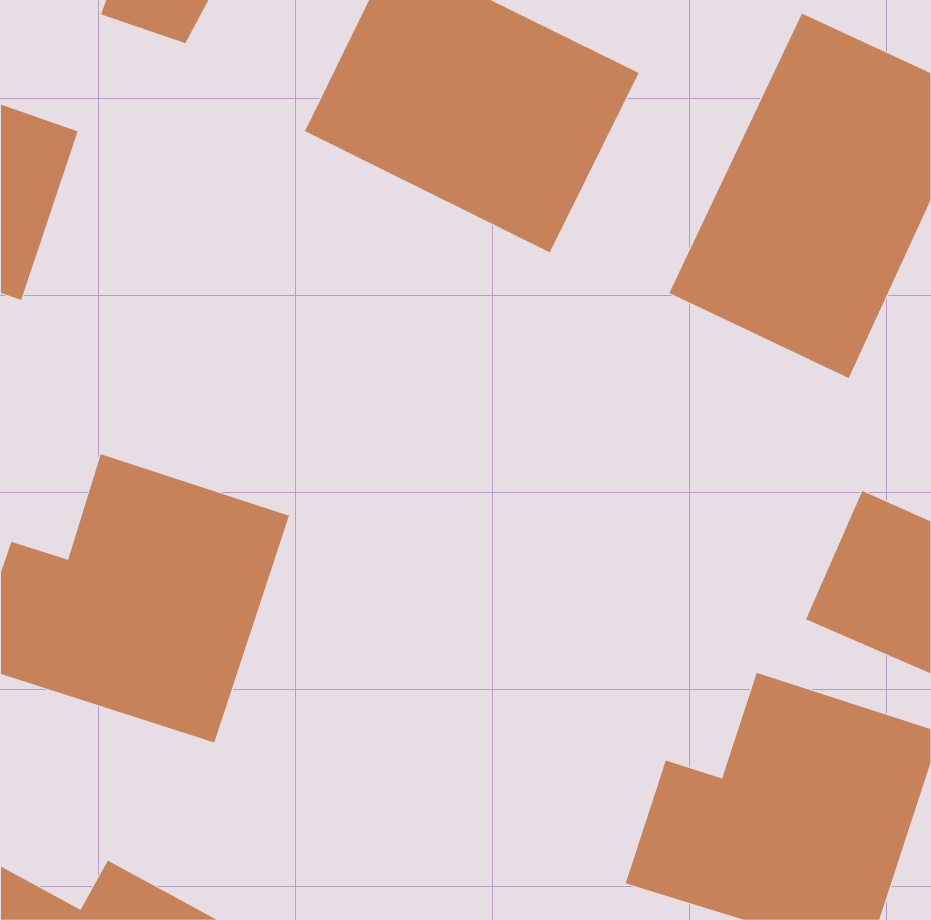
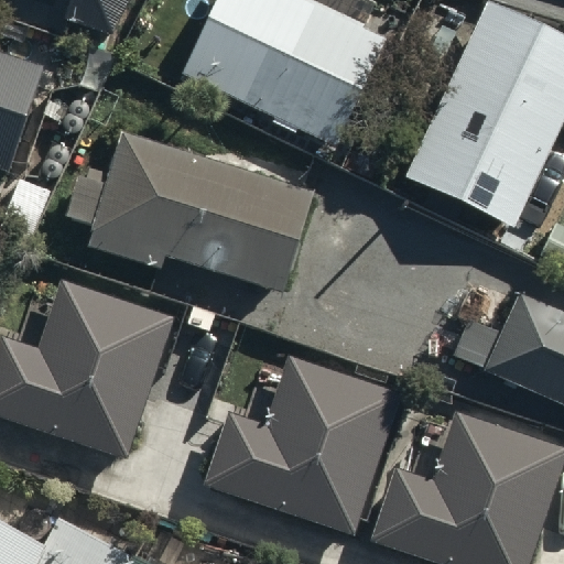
building: none -> [74,135,313,295]
building: none -> [207,354,399,529]

